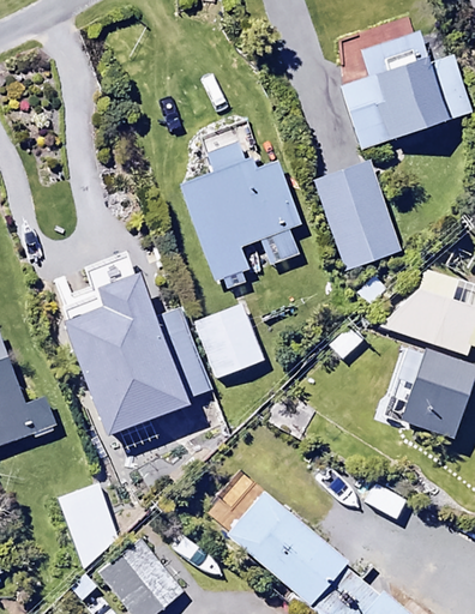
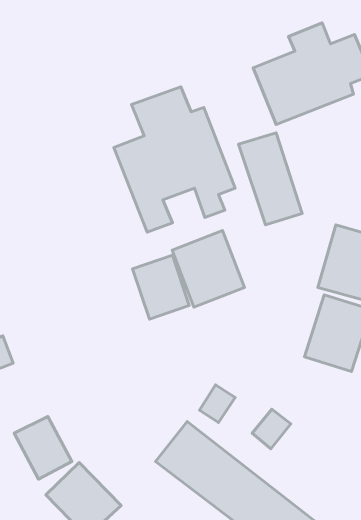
building: [62,273,209,437] -> none
building: none -> [172,230,244,307]

